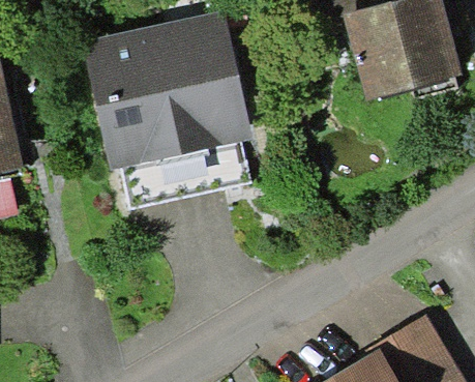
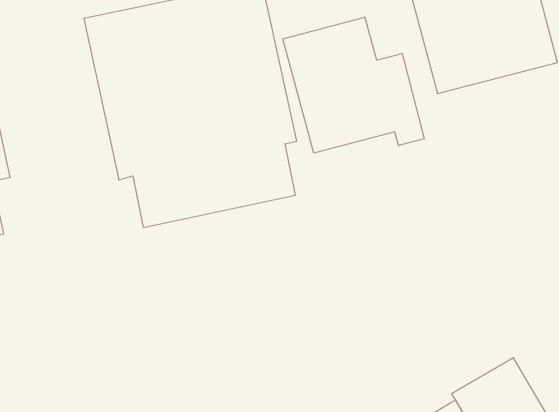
building: none -> [283,17,424,153]

